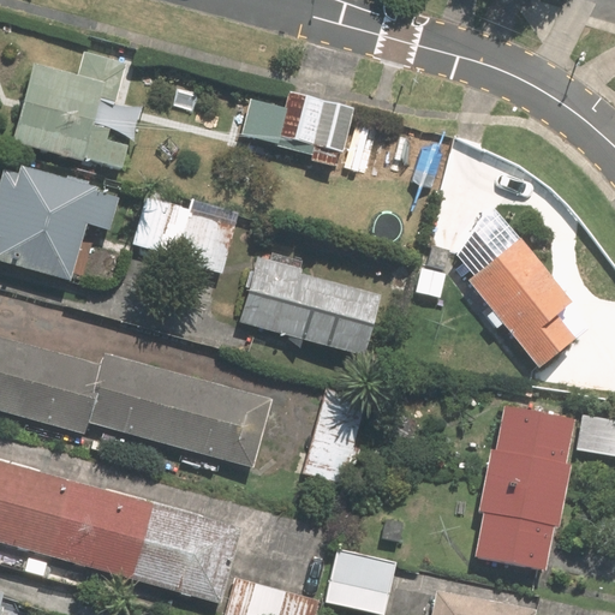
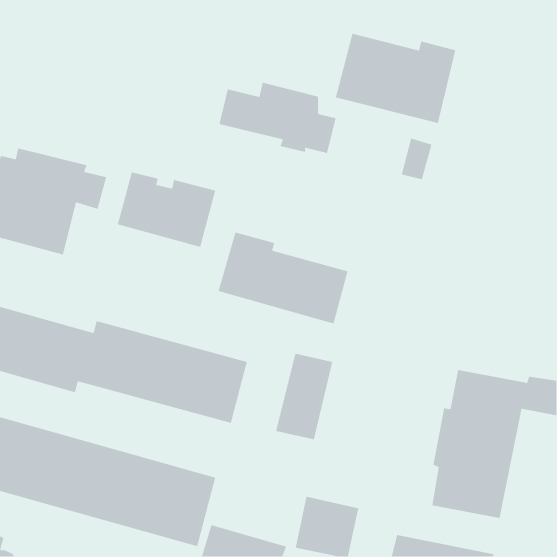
building: none -> [335,33,456,124]
building: [12,52,139,172] -> none
building: [466,237,577,368] -> none

